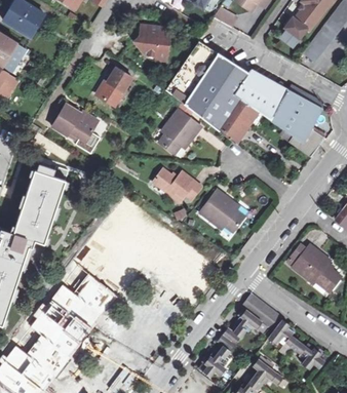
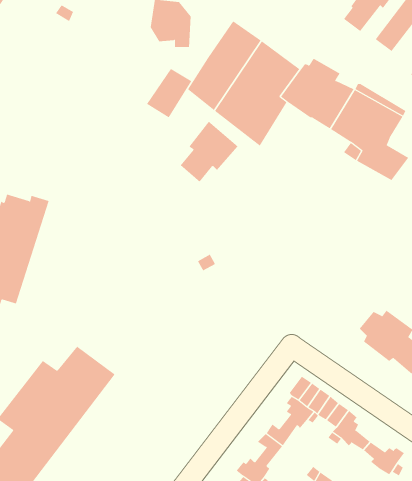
building: [99,71,131,107] -> [146,68,192,118]
building: [219,100,255,144] -> none
building: [52,106,97,146] -> none
building: [156,171,201,203] -> none
building: [202,193,246,233] -> none

